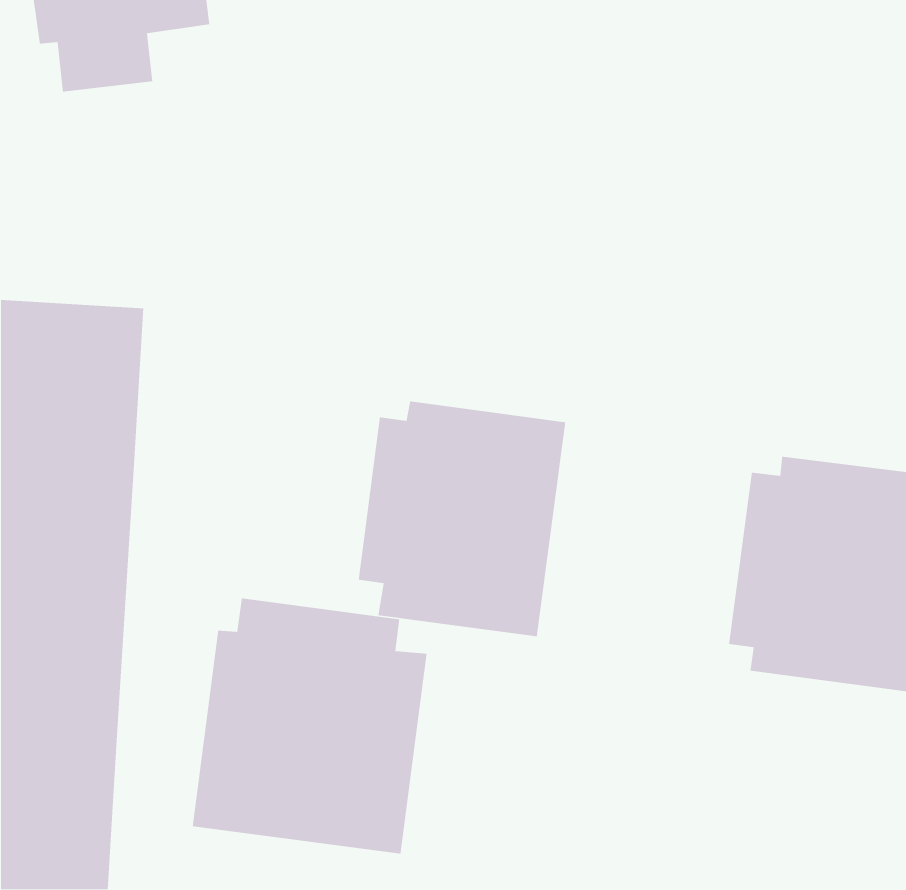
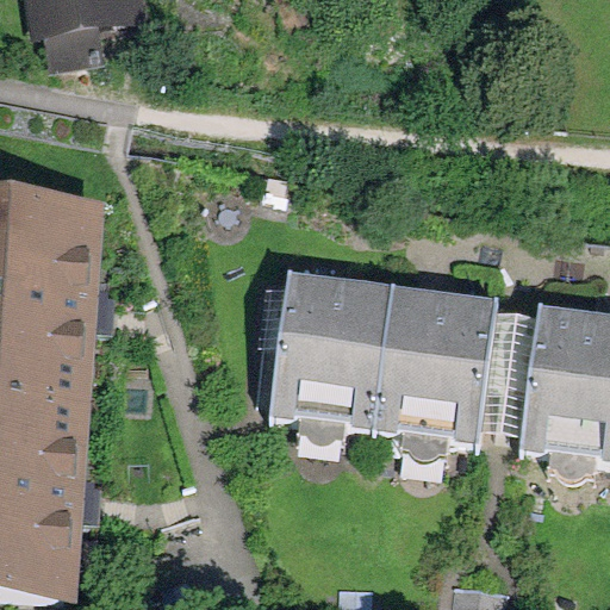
building: none -> [362,282,505,441]
building: [192,598,428,855] -> none

